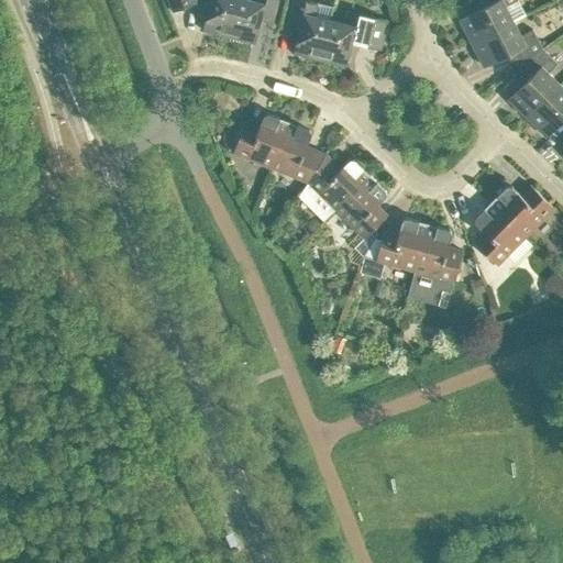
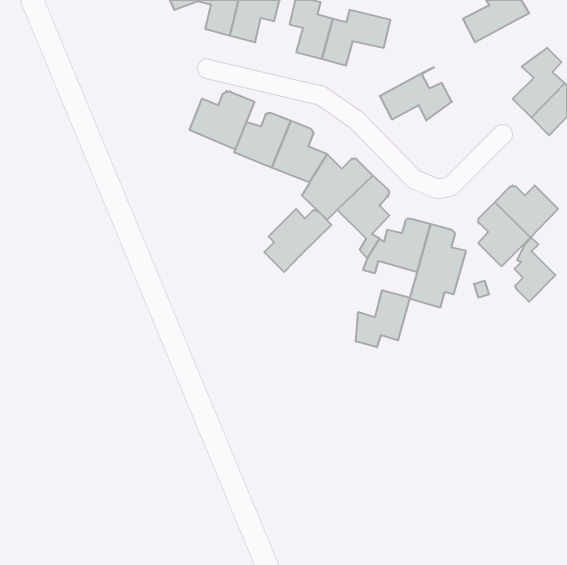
building: [471,15,542,68] -> [380,67,452,121]
building: none -> [190,91,255,149]
building: none -> [264,209,331,272]
building: none -> [514,237,556,302]
building: none -> [356,290,410,347]

